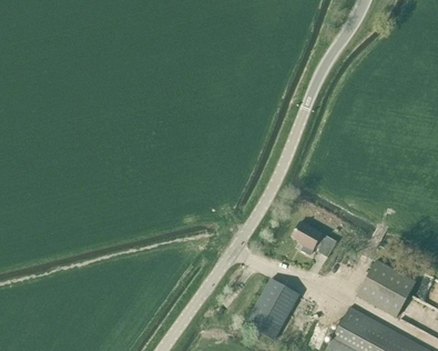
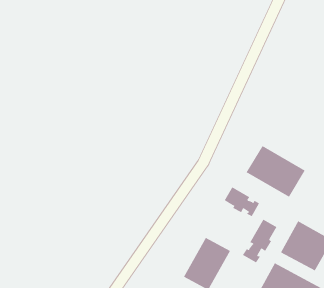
building: none -> [246,145,306,198]
building: none -> [242,219,277,263]

